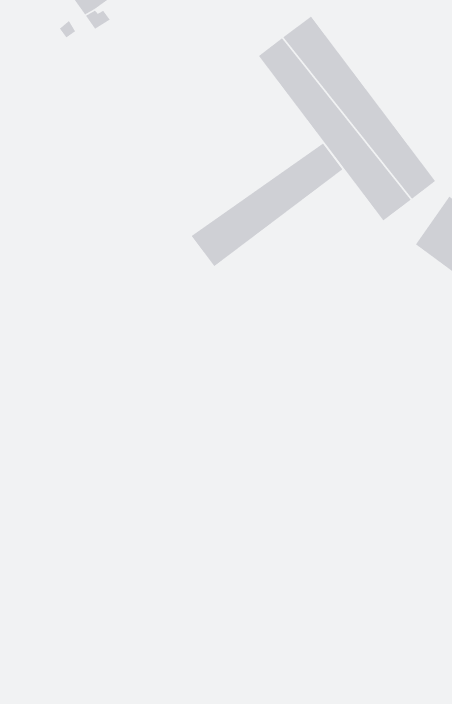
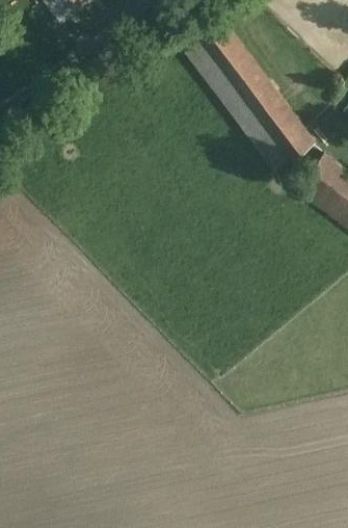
building: [190,142,343,267] -> none

